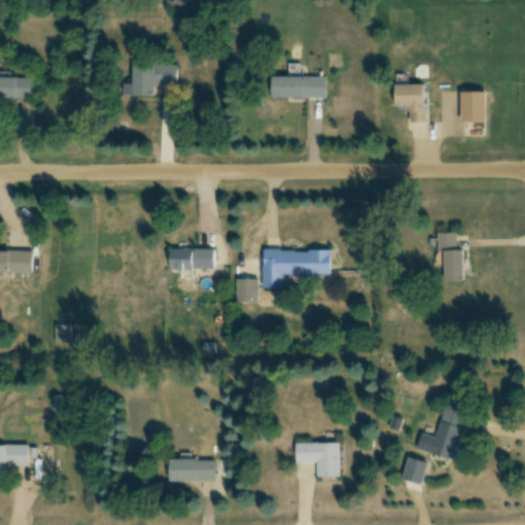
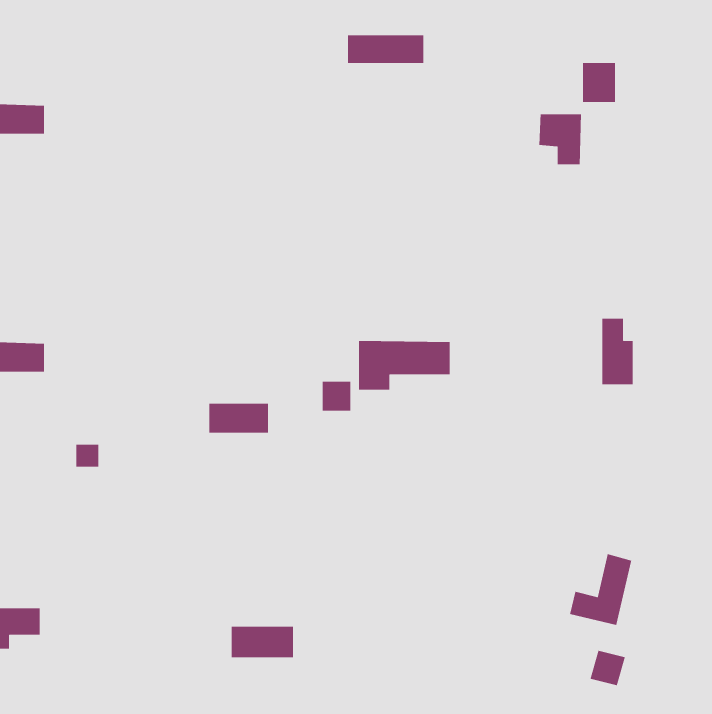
building: [127,64,177,94] -> none
building: [270,75,326,96] -> [347,34,424,64]
building: [461,91,486,121] -> [582,62,616,103]
building: [170,248,214,271] -> [209,403,269,434]
building: [295,443,339,478] -> none
building: [401,457,428,484] -> [590,650,626,686]

